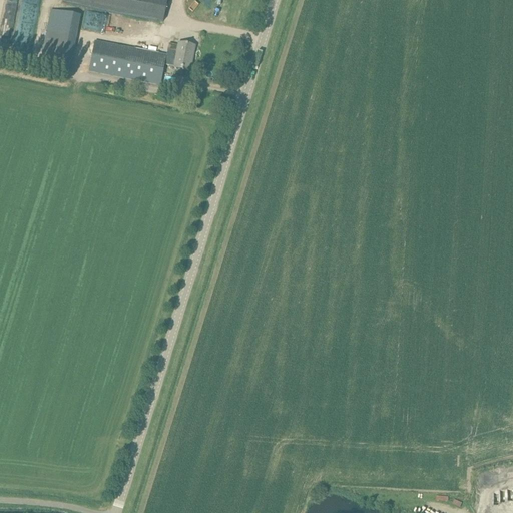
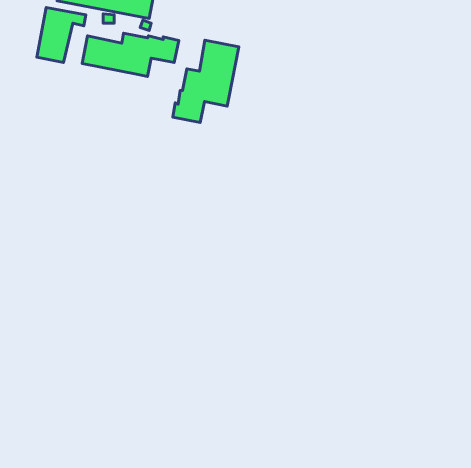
building: none -> [173,40,239,122]

